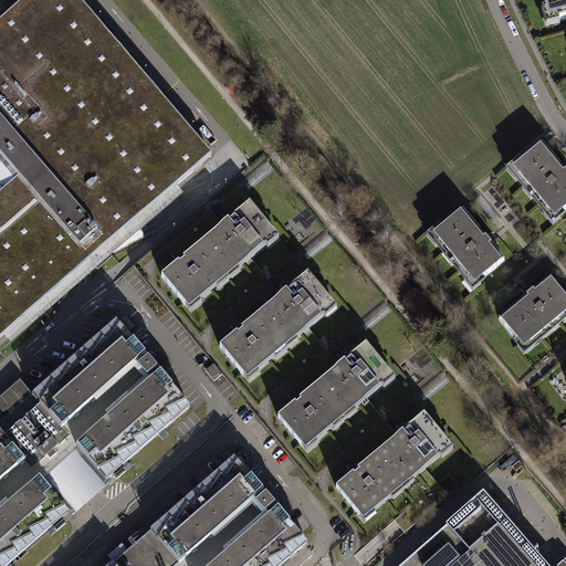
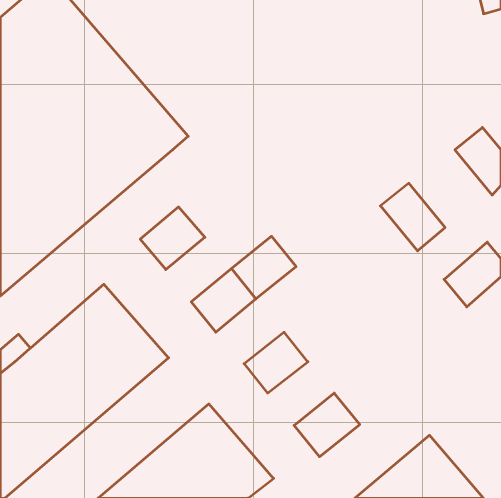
building: [201,196,275,268] -> none
building: [321,339,391,408] -> none
building: [377,407,451,479] -> none

